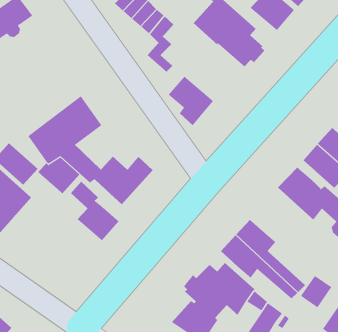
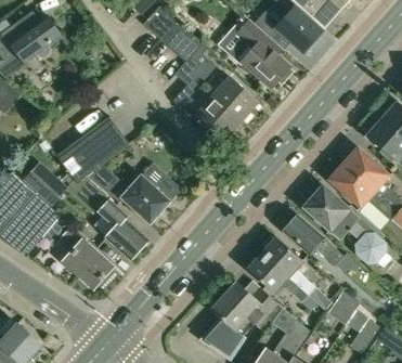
building: none -> [211,76,258,120]
building: none -> [282,215,343,265]
building: none -> [62,224,111,286]

